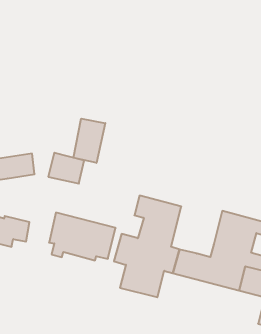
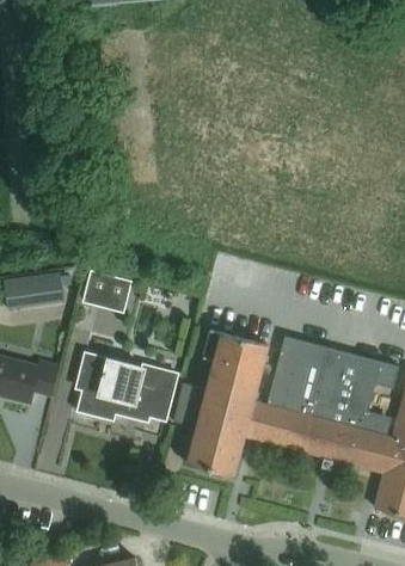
building: [74,119,105,163] -> none
building: none -> [266,340,326,416]

